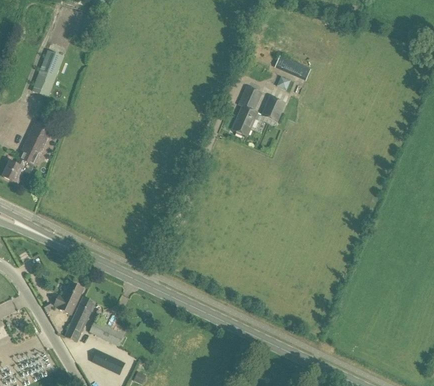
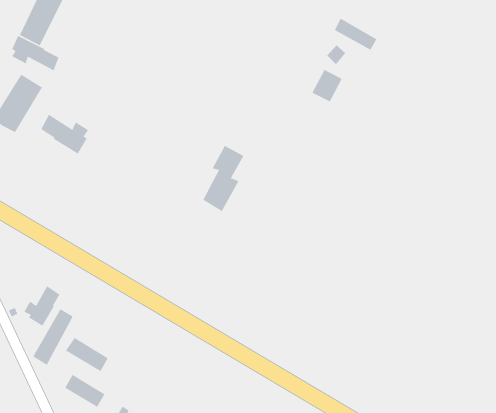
building: [232,86,261,138] -> [203,145,244,212]
building: none -> [11,35,59,71]
building: none -> [41,114,89,155]

